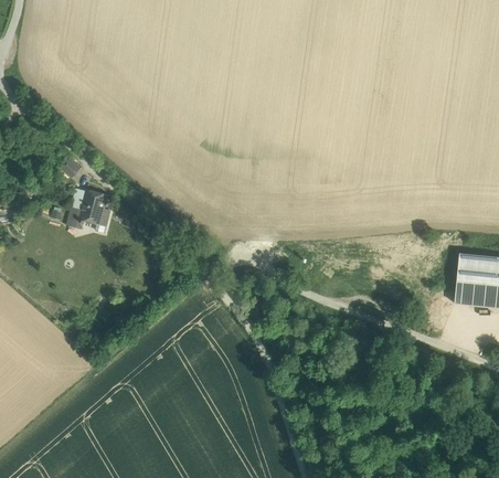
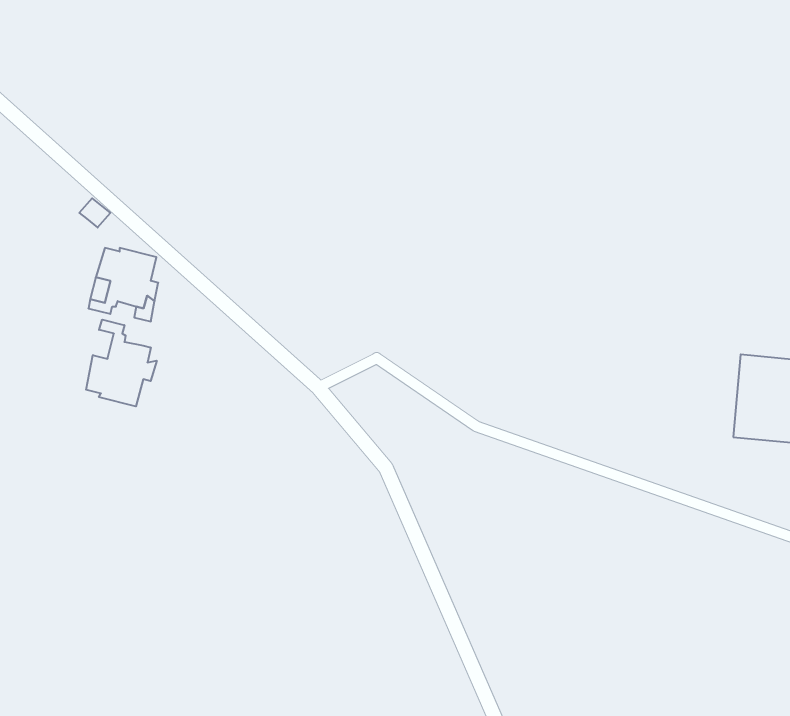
building: none -> [86,320,157,406]

